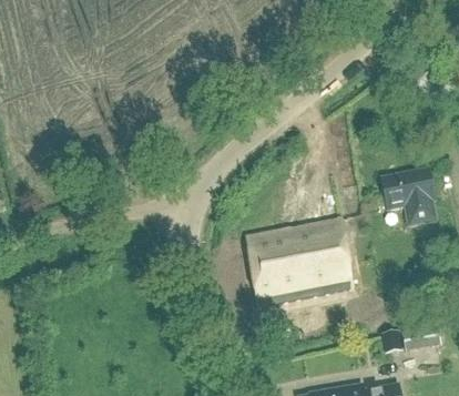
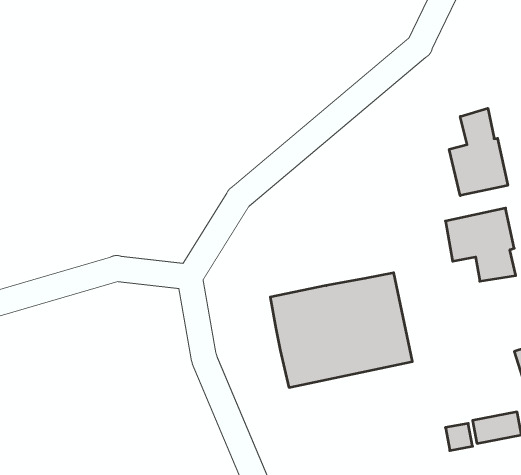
building: none -> [449,108,508,196]

